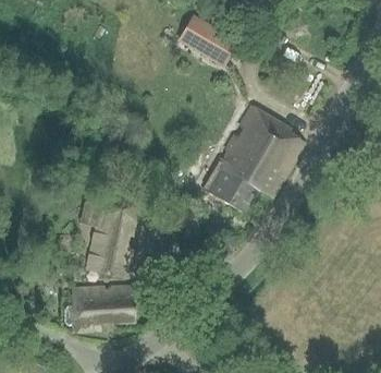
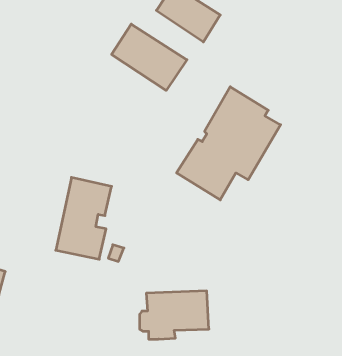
building: none -> [112,24,187,90]
building: [64,282,132,329] -> [140,291,209,339]

